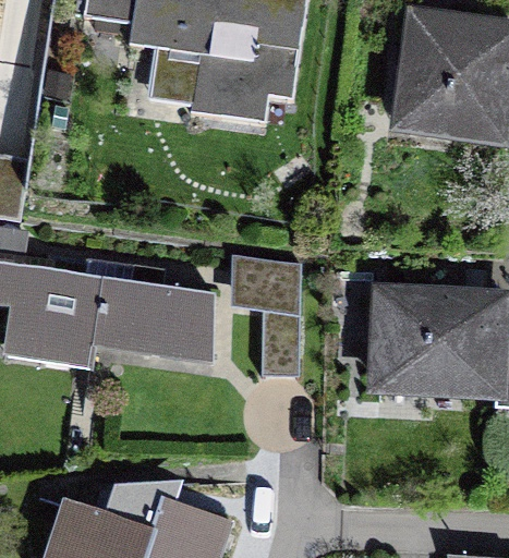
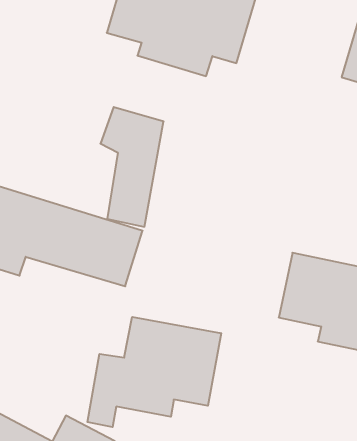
building: [234,253,296,373] -> [100,107,164,227]
building: none -> [87,317,221,427]

